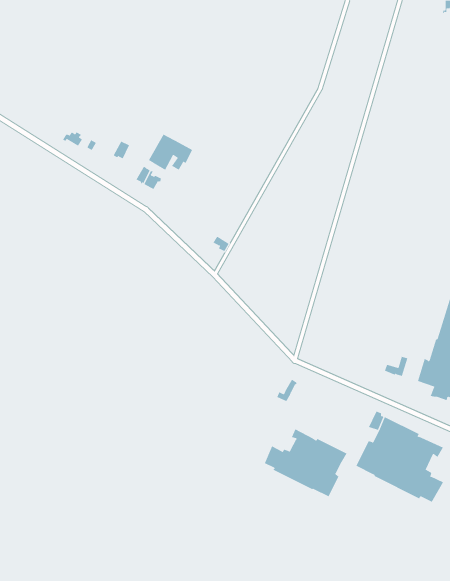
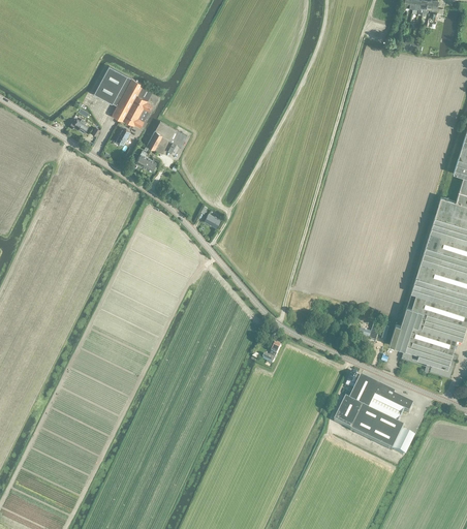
building: none -> [93,65,153,127]
building: [264,429,347,497] -> none

